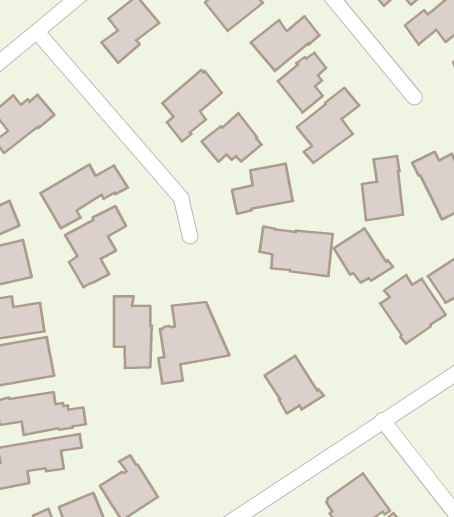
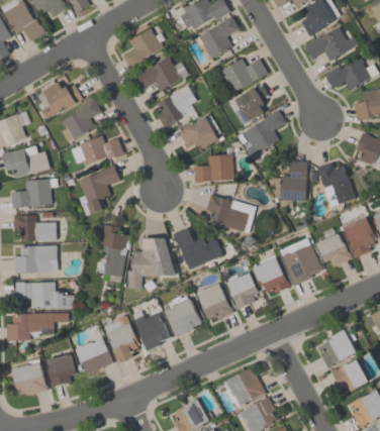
building: none -> [134,57,181,91]
building: none -> [61,98,101,141]
building: [334,228,393,282] -> [253,257,290,293]
building: none -> [173,228,221,270]
building: none -> [225,273,258,309]
building: none -> [164,298,201,337]
building: none -> [132,311,170,350]
building: none -> [104,321,139,363]

